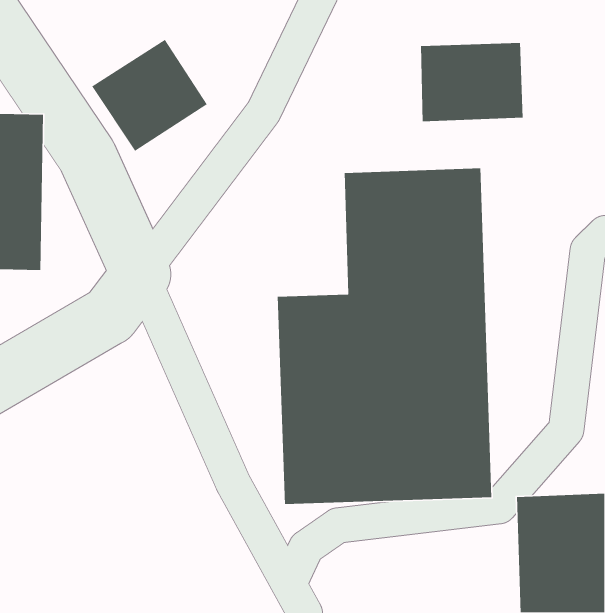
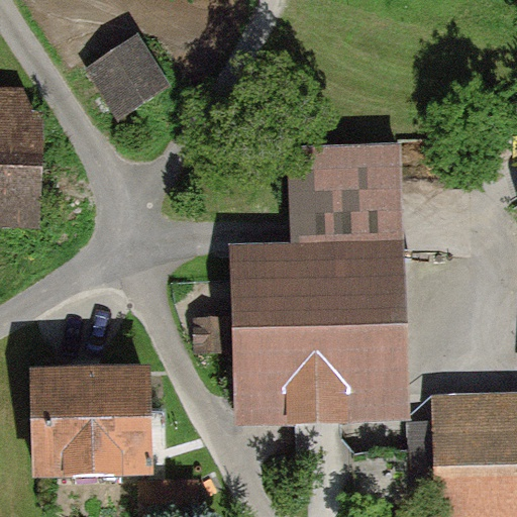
building: [420,42,524,122] -> none
building: none -> [33,367,160,480]

